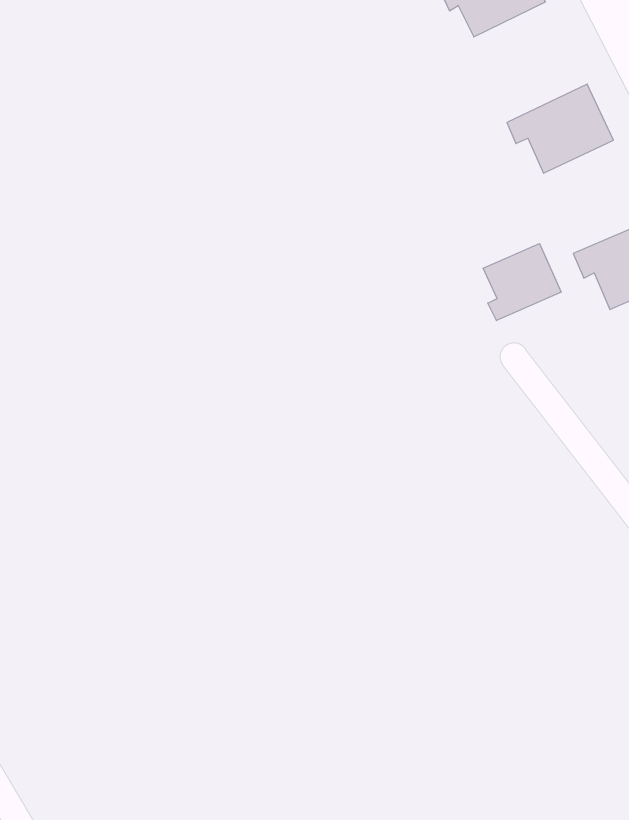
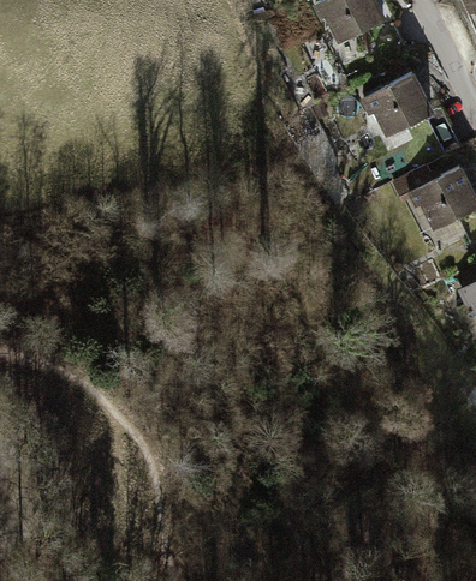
building: [483,244,561,321] -> none

